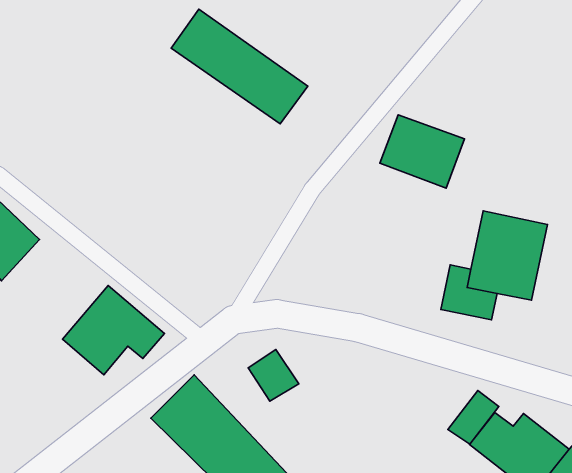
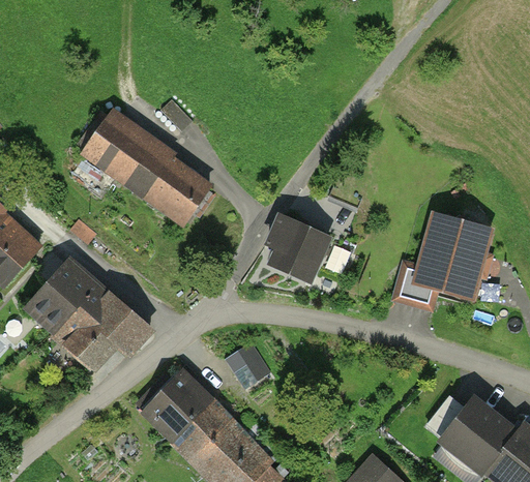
building: [171,9,308,124] -> [86,115,209,218]
building: [380,115,465,188] -> [271,220,348,287]
building: none -> [25,257,99,333]
building: [448,390,499,444] -> none

